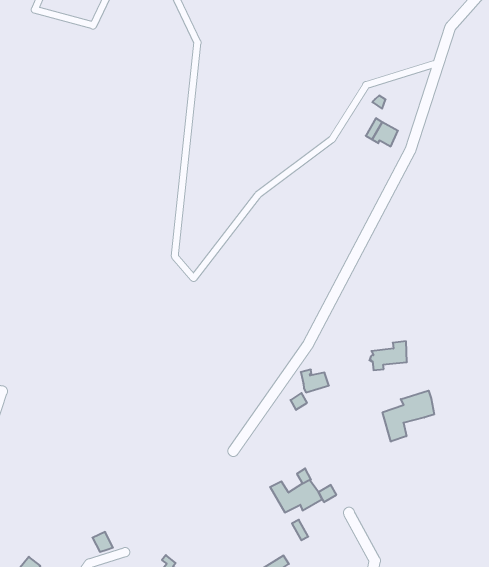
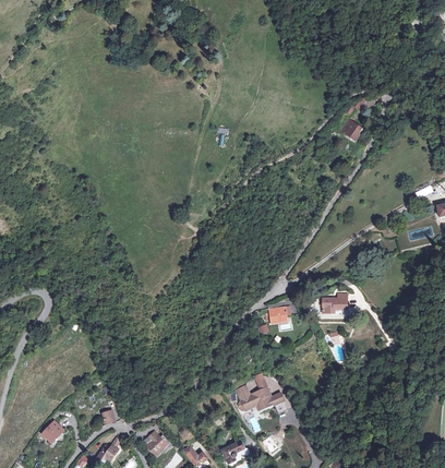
building: [383,391,434,442] -> none

